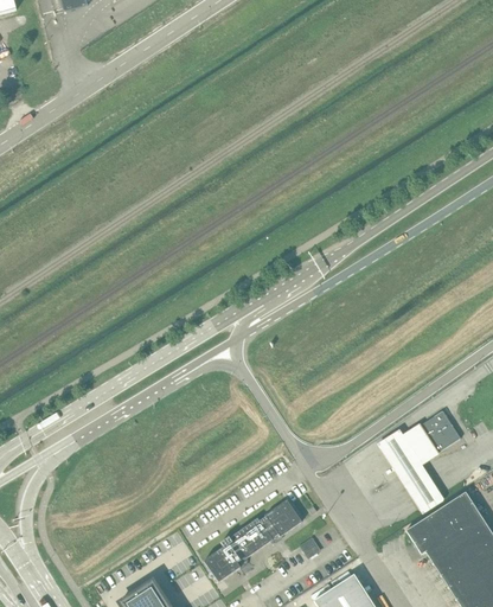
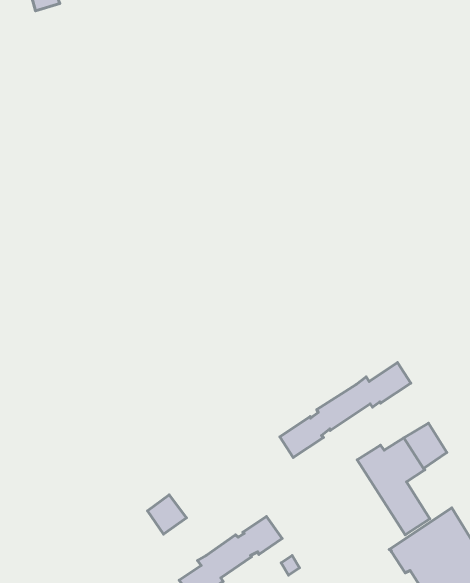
building: none -> [280,362,411,458]
building: none -> [147,495,186,534]

